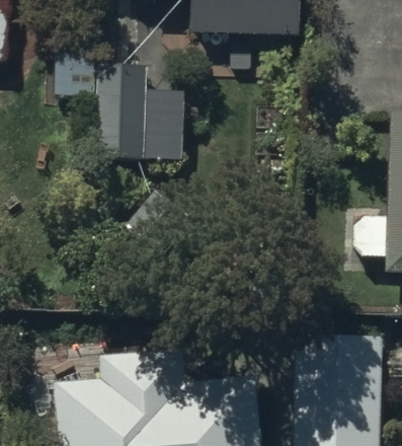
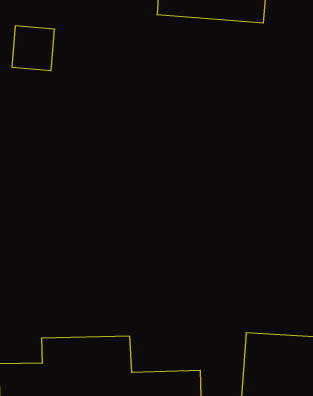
building: [97,65,183,160] -> none

